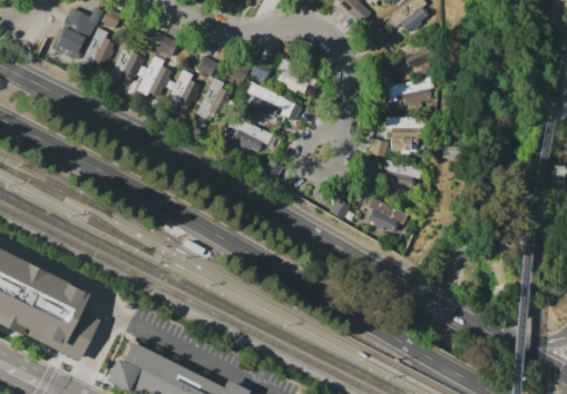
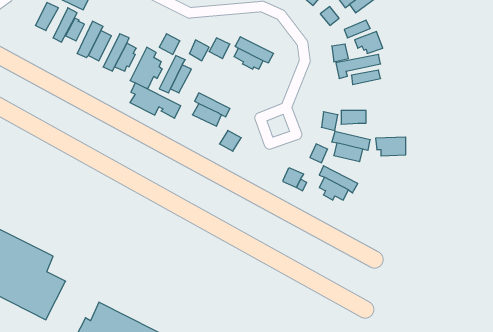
building: [144,28,179,57] -> none
building: [246,82,301,120] -> [130,83,181,118]
building: [385,116,418,136] -> [376,137,406,156]

